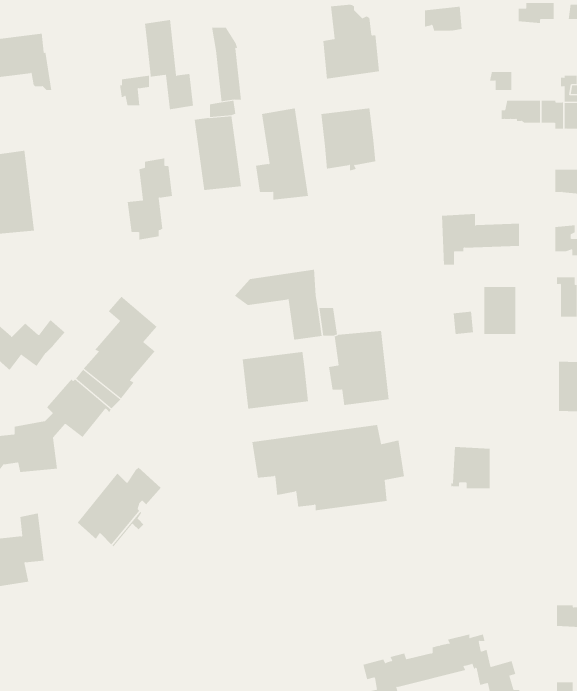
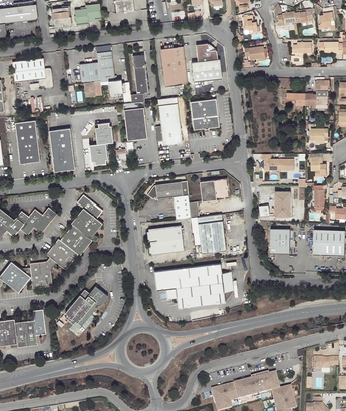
building: none -> [160,45,187,86]
building: none -> [79,62,100,82]
building: none -> [48,126,75,170]
building: none -> [200,178,229,201]
building: [450,447,491,489] -> [269,229,290,251]

